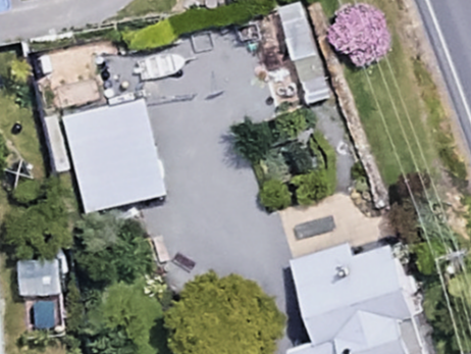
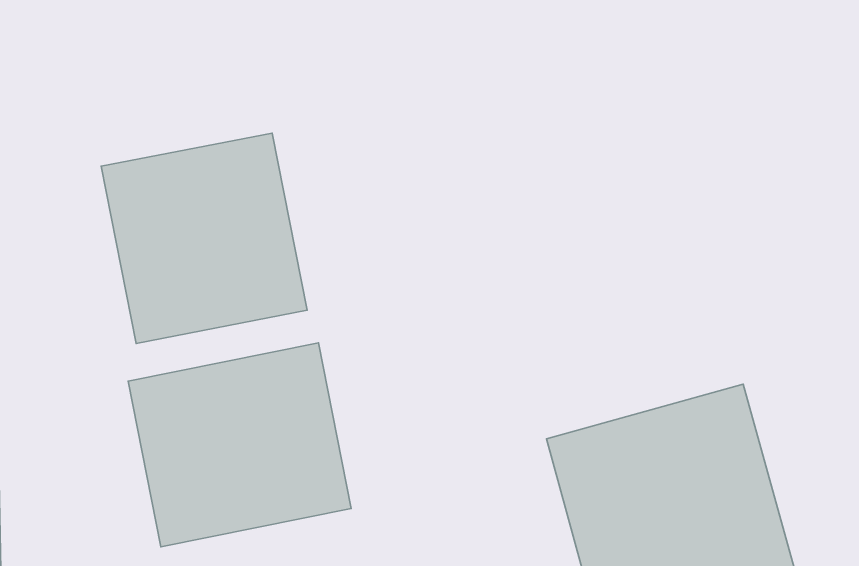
building: none -> [128,343,351,547]

